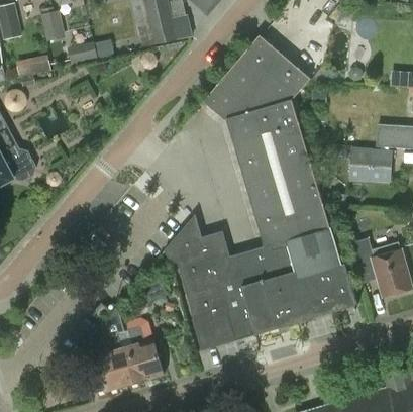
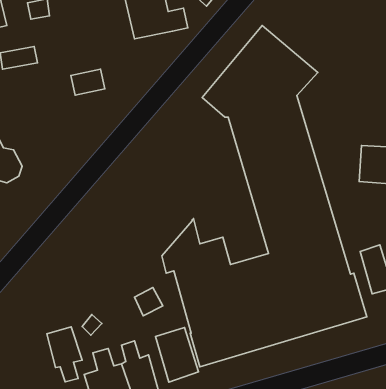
building: [67,41,98,66] -> [71,69,105,95]
building: none -> [47,327,82,382]
building: none -> [156,328,199,382]

